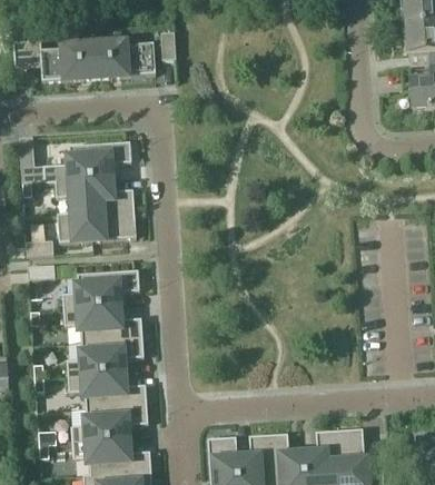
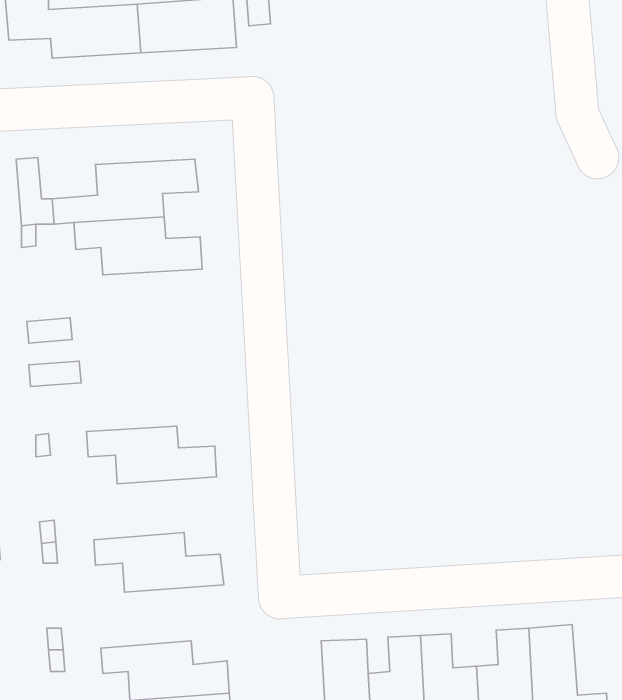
building: [56,209,135,241] -> none
building: [60,269,138,309] -> none
building: [65,337,142,376] -> none
building: [69,404,147,443] -> none

